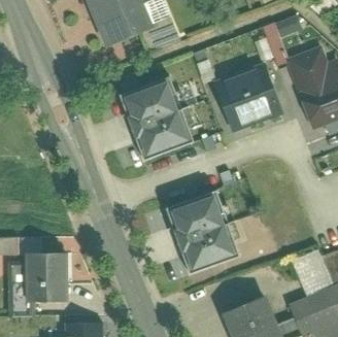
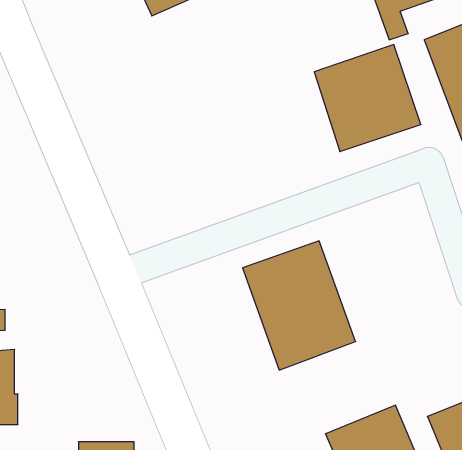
building: [121,77,195,162] -> none
building: [24,250,64,296] -> none

